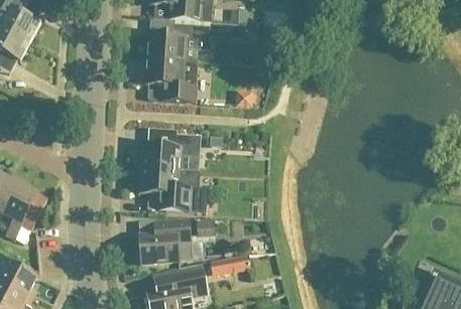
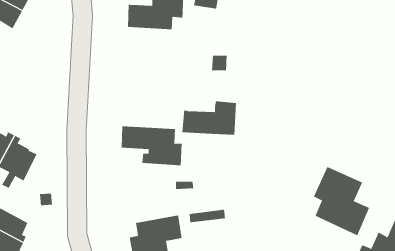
building: [143,57,196,101] -> none
building: [139,132,201,170] -> [182,101,237,135]
building: none -> [313,166,370,236]
building: [138,217,191,263] -> none

